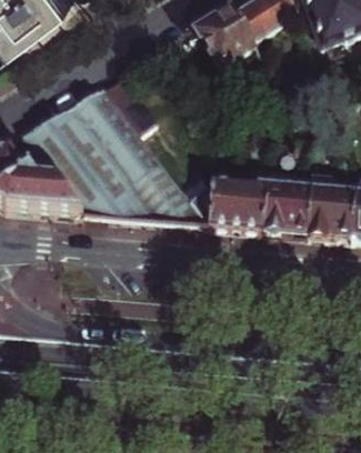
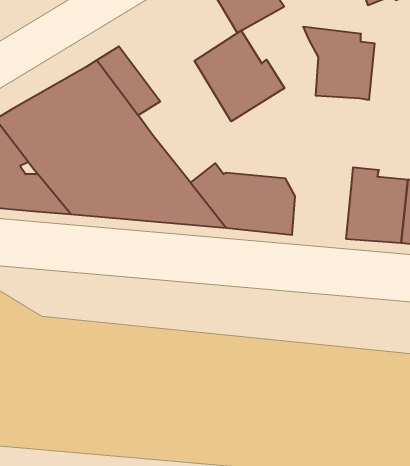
building: none -> [195,30,285,121]
building: [247,179,304,238] -> [303,27,375,100]

